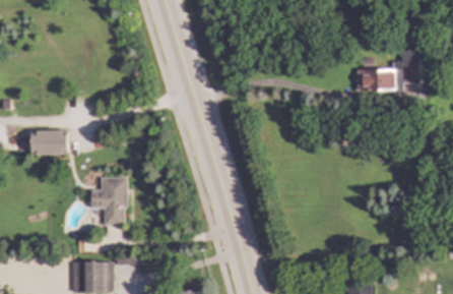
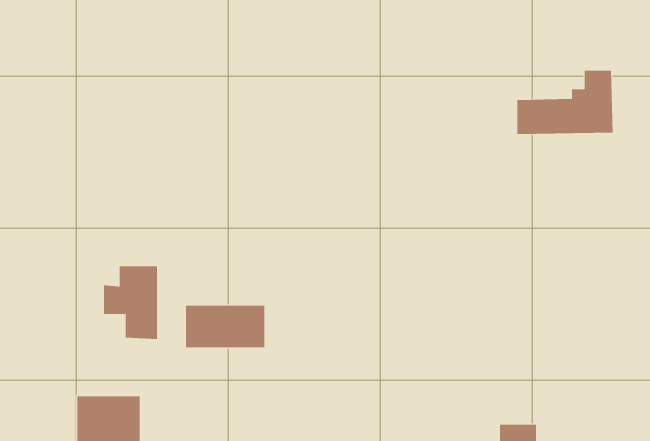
building: [30,130,66,155] -> none
building: none -> [186,305,265,348]

